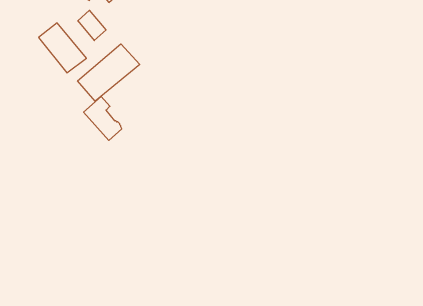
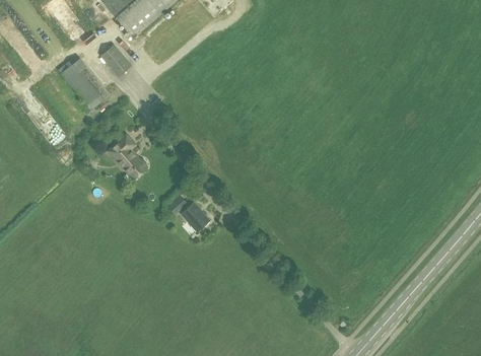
building: [78,44,140,101] -> none
building: none -> [167,195,208,230]

